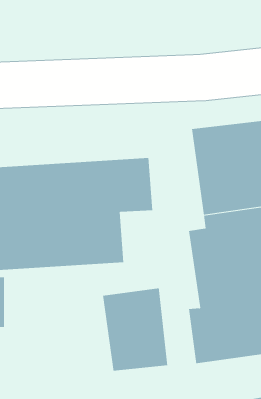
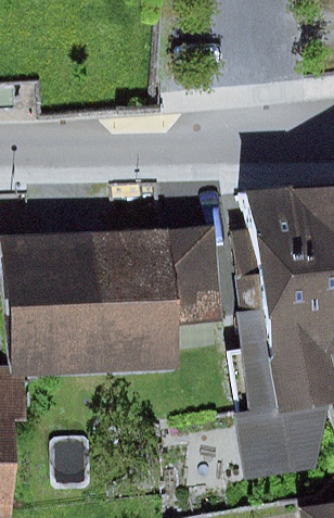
building: [103,288,168,371] -> none

